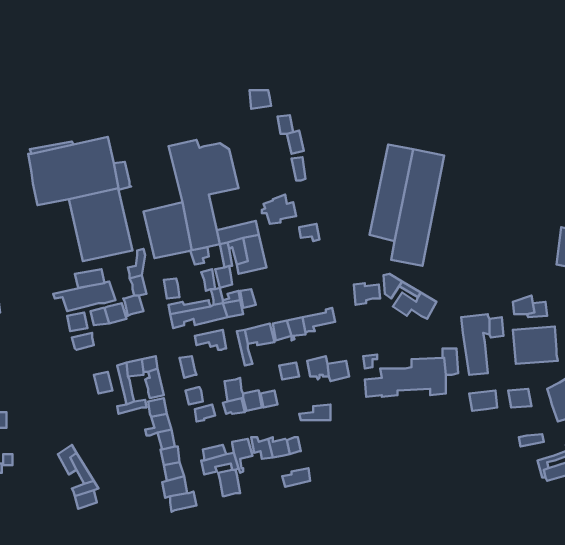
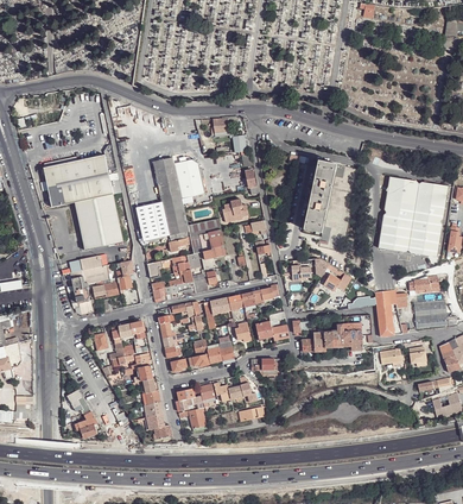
building: none -> [378,176,448,256]

